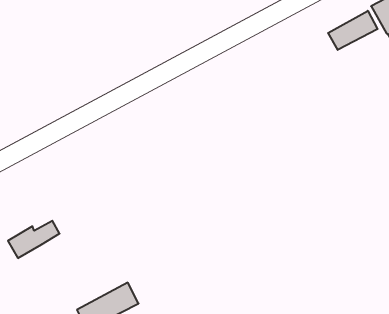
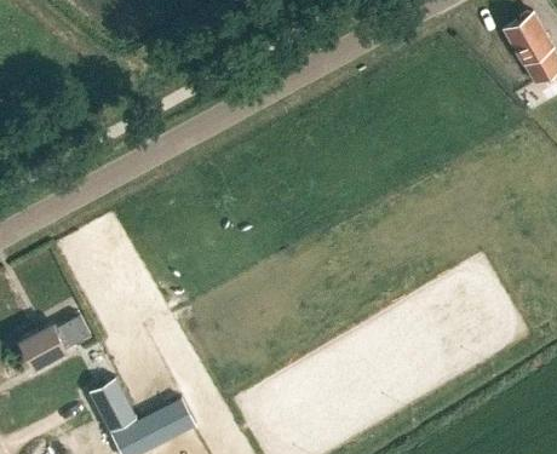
building: [328,11,378,50] -> none
building: none -> [87,378,134,432]

